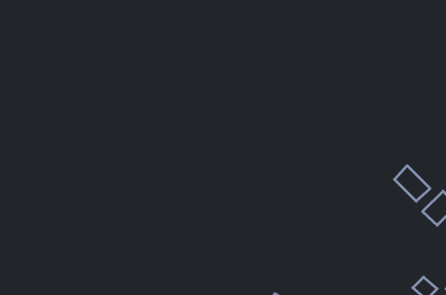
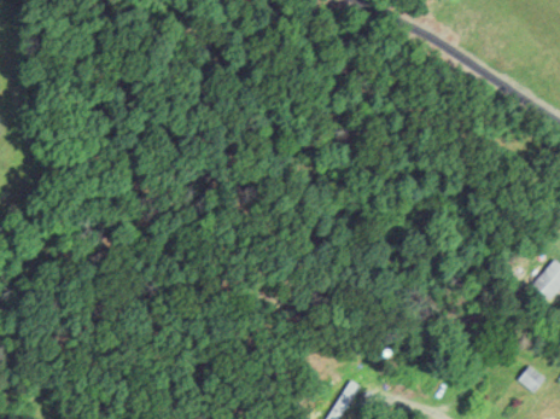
building: [394,166,430,201] -> none

